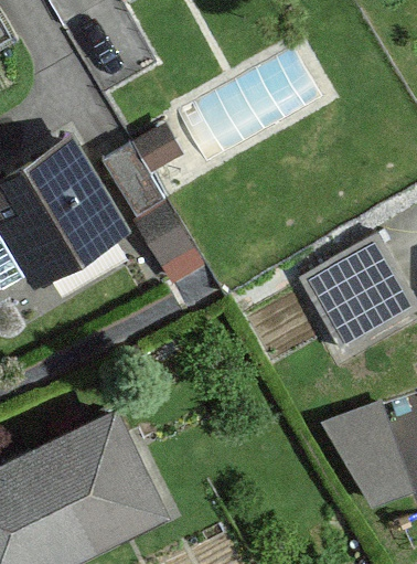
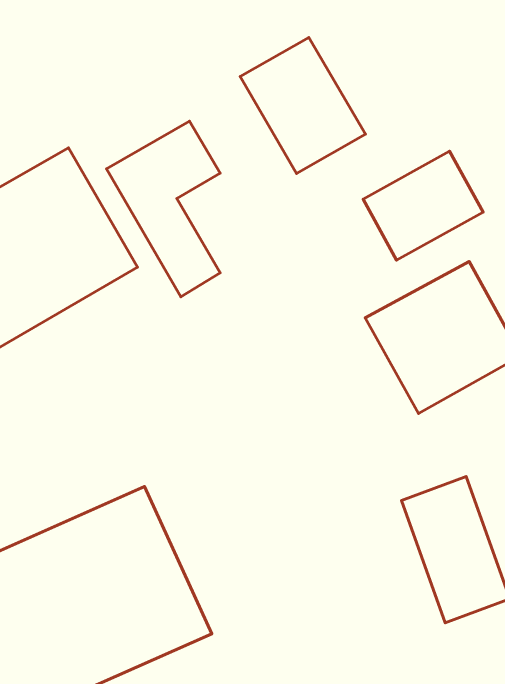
building: none -> [240,37,365,173]
building: none -> [363,151,483,260]

